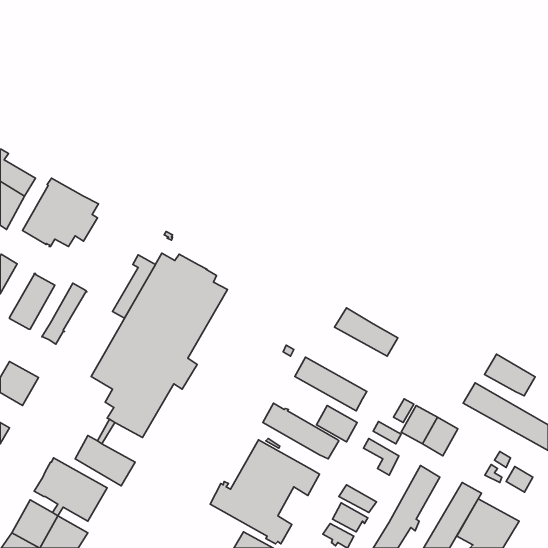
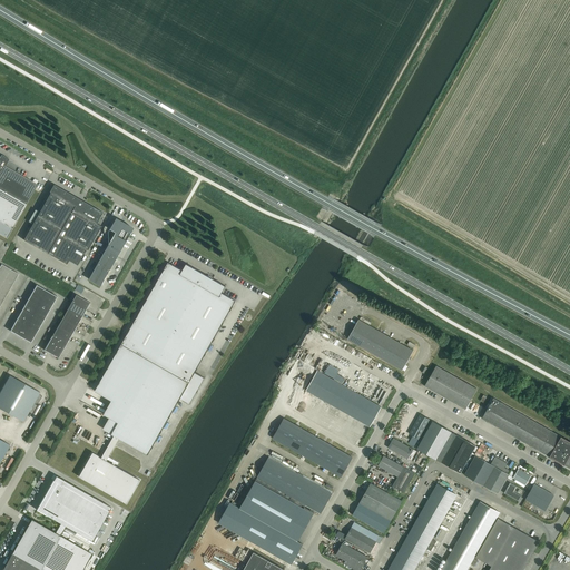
building: [113,255,155,318] -> [88,219,132,285]
building: [485,354,535,396] -> [424,365,476,409]
building: [317,405,357,442] -> [360,483,402,521]
building: none -> [464,455,509,493]

